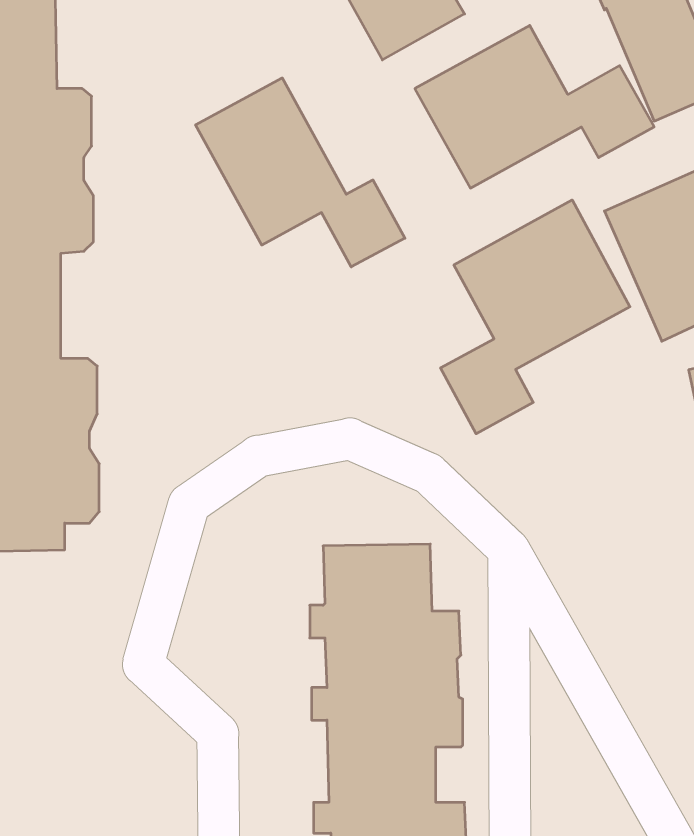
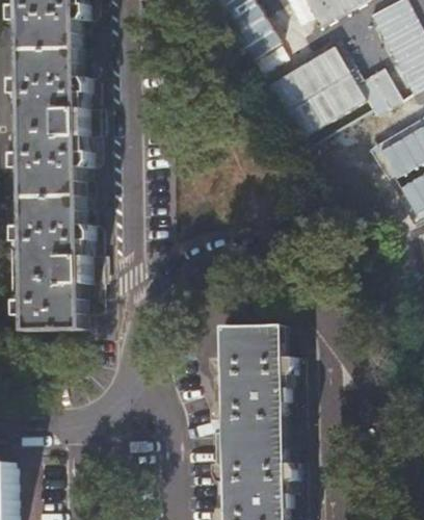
building: [196,78,405,267] -> none
building: [441,200,630,434] -> none

